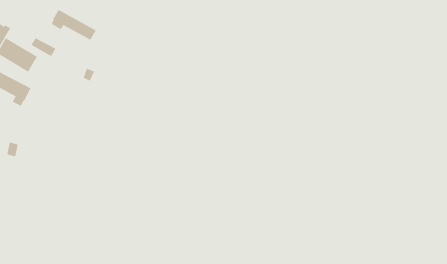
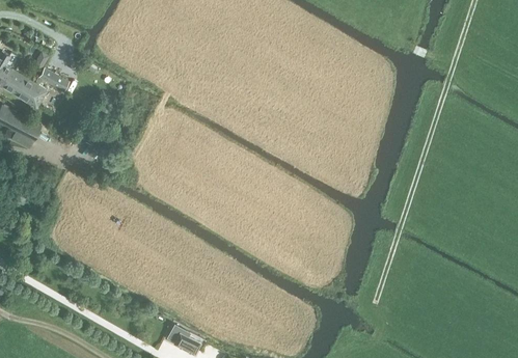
building: [51,9,96,40] -> none

